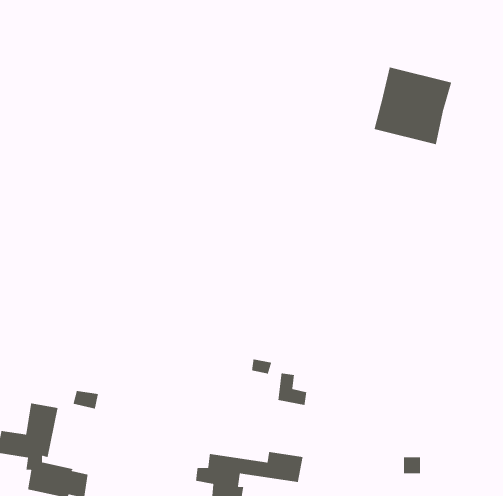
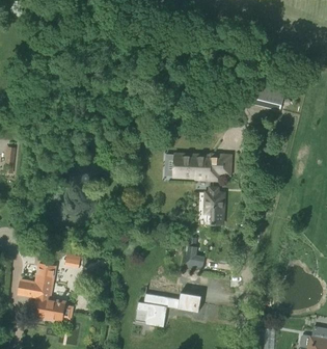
building: none -> [173,155,230,180]
building: none -> [205,188,224,214]

